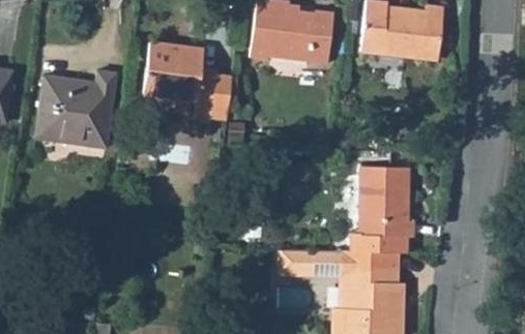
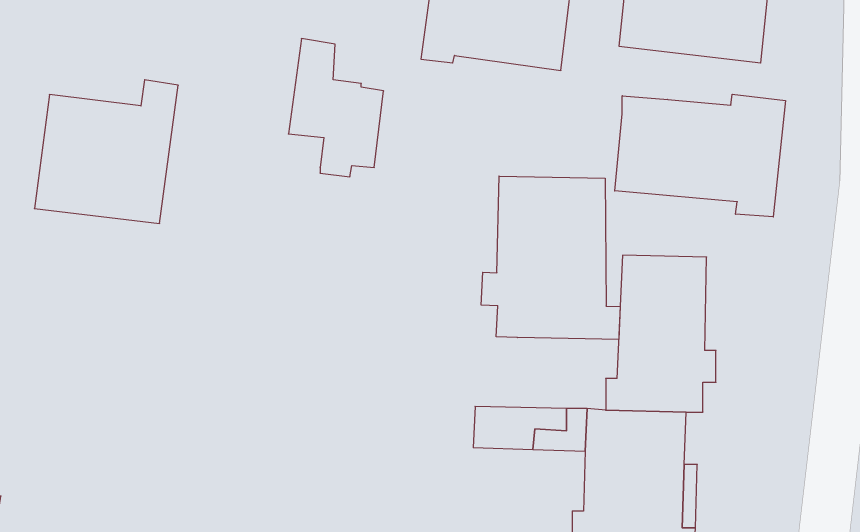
building: [143,42,184,98] -> none
building: none -> [615,94,785,217]
building: none -> [481,176,620,340]

